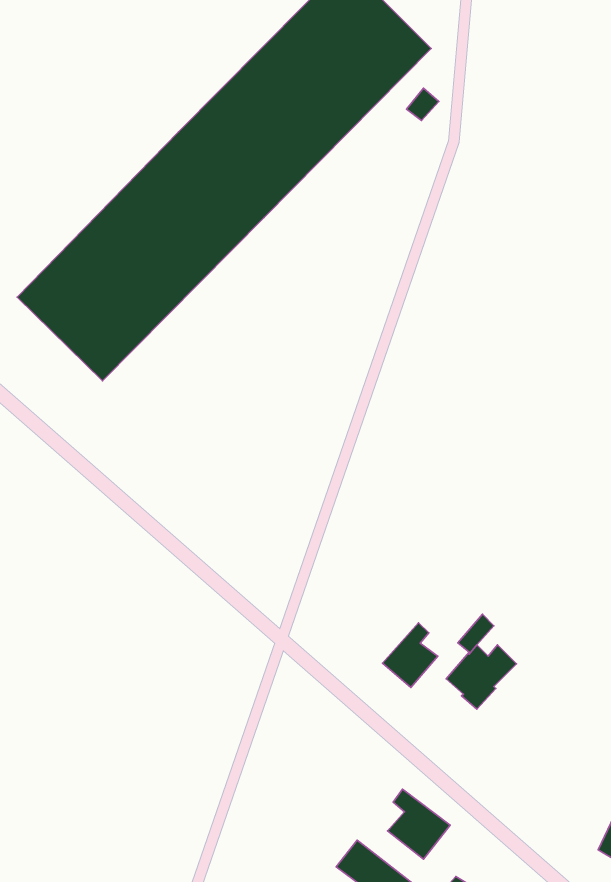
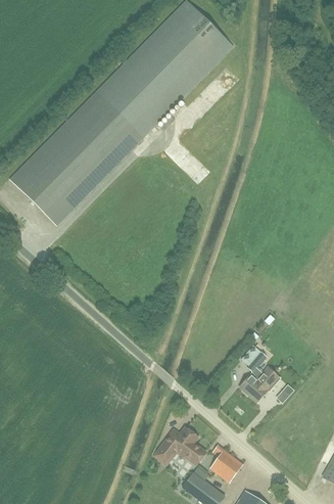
building: [383,623,438,688] -> none
building: none -> [154,426,206,464]

